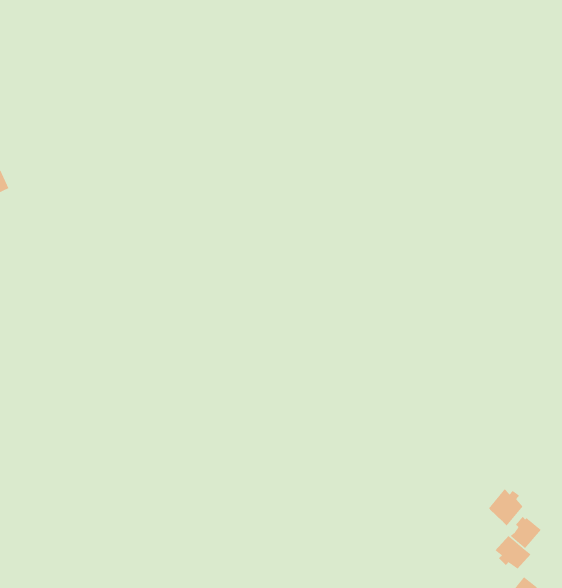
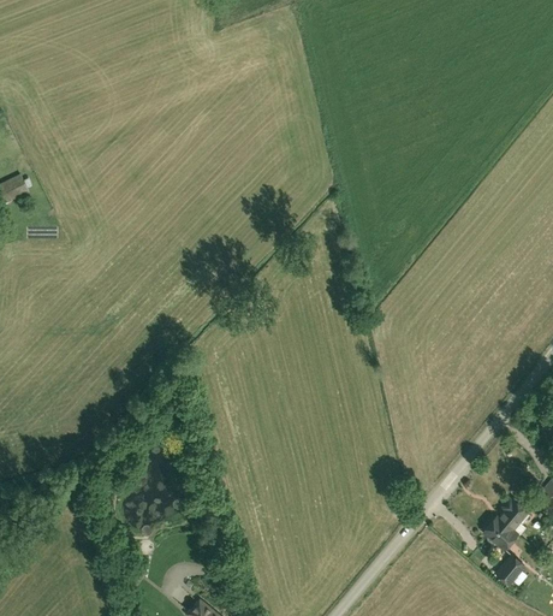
building: [488,488,524,527] -> none

